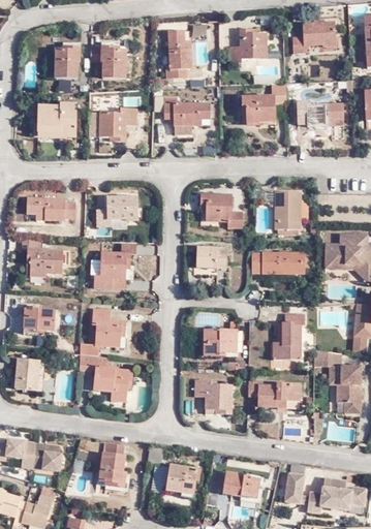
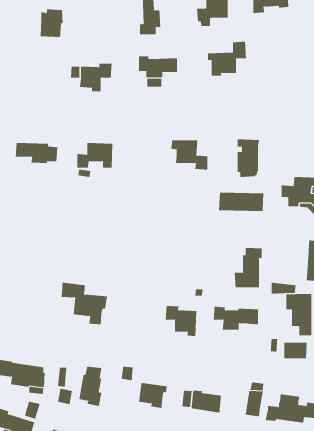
building: [91,46,125,79] -> none
building: [297,101,343,127] -> none
building: [37,103,78,138] -> none
building: [21,238,61,276] -> none
building: [94,244,134,287] -> none
building: [197,247,227,268] -> none
building: [23,308,54,330] -> none
building: [80,308,125,355] -> none
building: [205,329,237,355] -> none
building: [14,359,36,390] -> none

